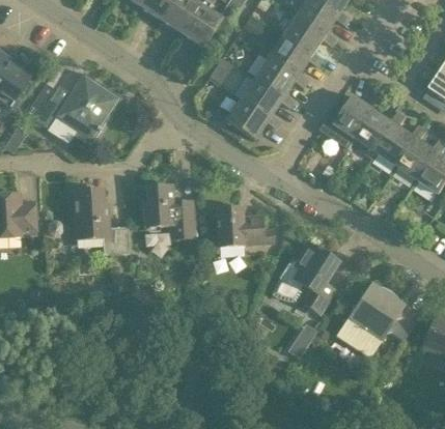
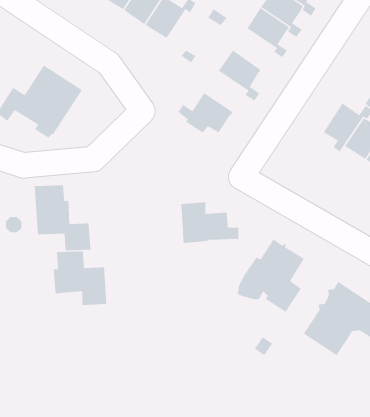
building: [269,36,311,87] -> none
building: [241,78,283,128] -> none
building: [322,94,376,147] -> none
building: [143,184,196,238] -> [53,250,107,306]

